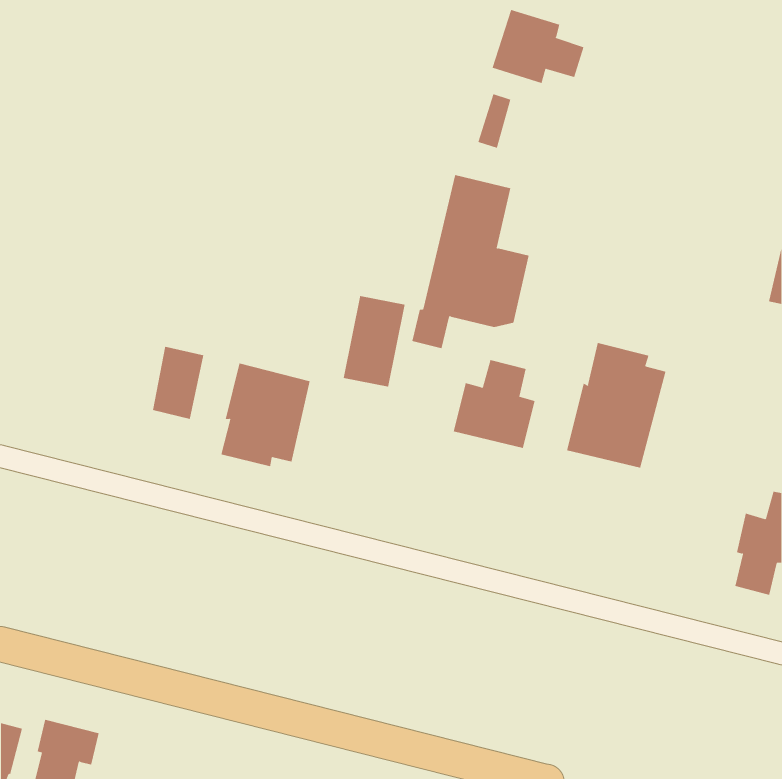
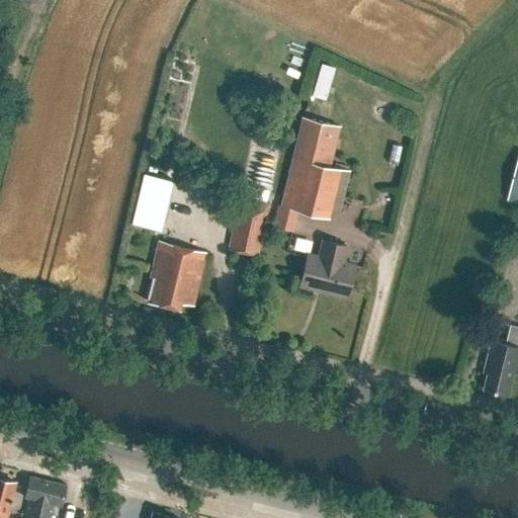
building: [492,9,584,84] -> none
building: [566,342,666,468] -> none
building: [152,346,204,419] -> [138,182,172,231]

